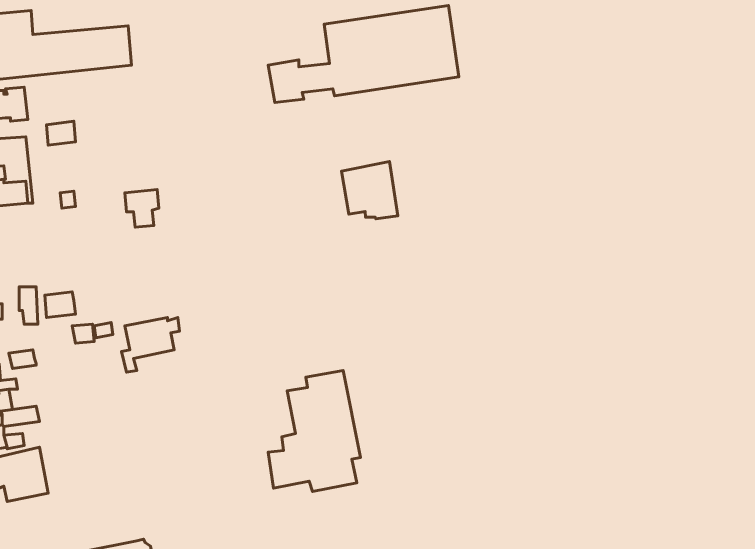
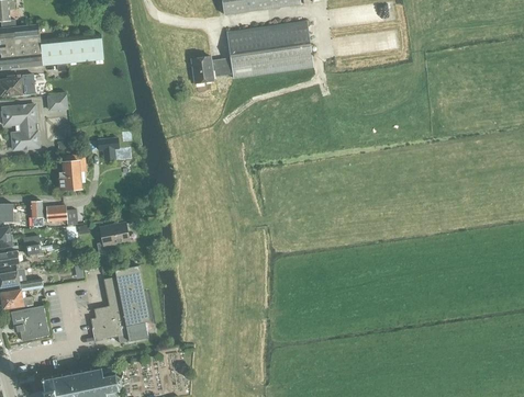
building: [341,162,398,219] -> none
building: none -> [58,160,82,190]
building: [268,370,360,492] -> [90,265,149,343]

